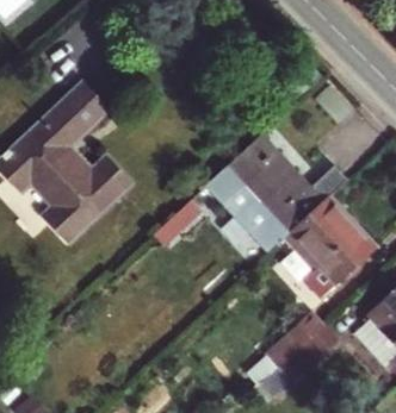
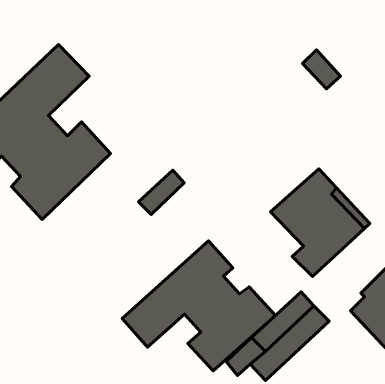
building: [210,132,346,246] -> none
building: none -> [122,241,276,371]

